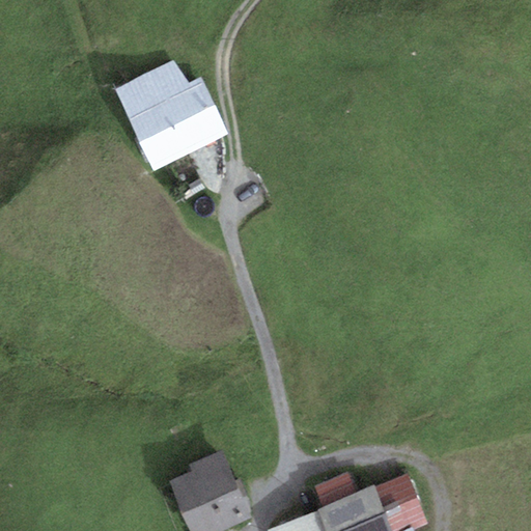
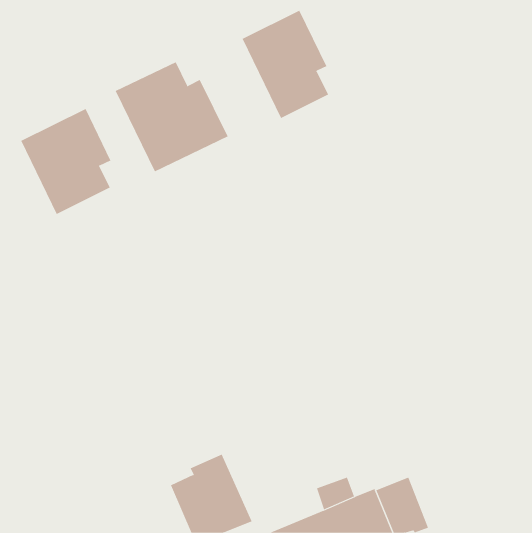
building: none -> [242,10,329,119]
building: none -> [20,108,111,215]

